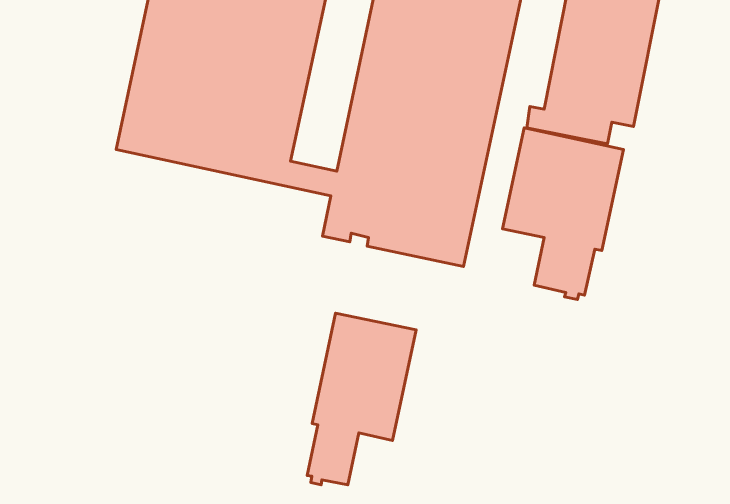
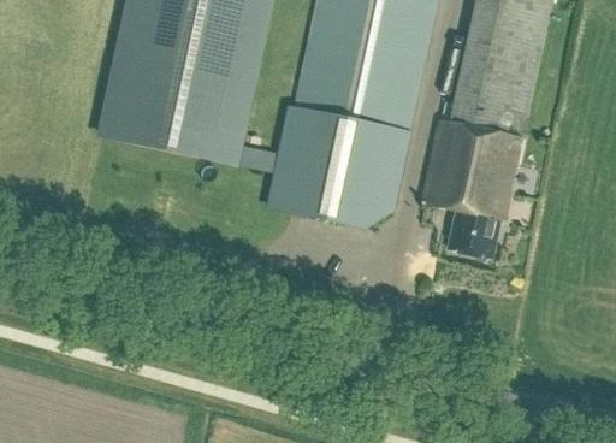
building: [307,313,416,485] -> none

